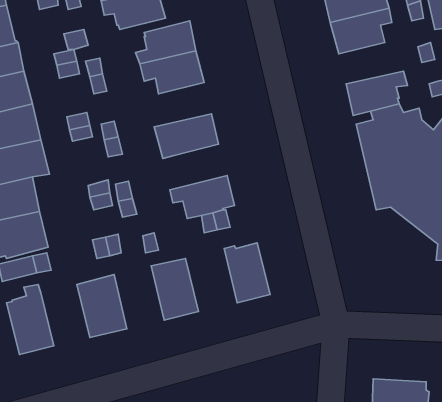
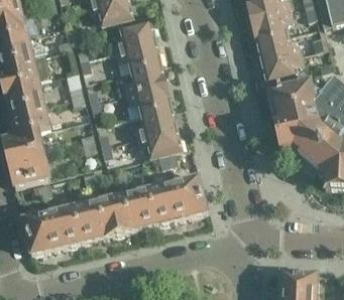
building: none -> [256,34,302,63]
building: none -> [124,62,166,94]
building: none -> [134,106,178,138]
building: none -> [148,179,185,223]
building: none -> [98,191,133,236]
building: none -> [46,204,81,248]

